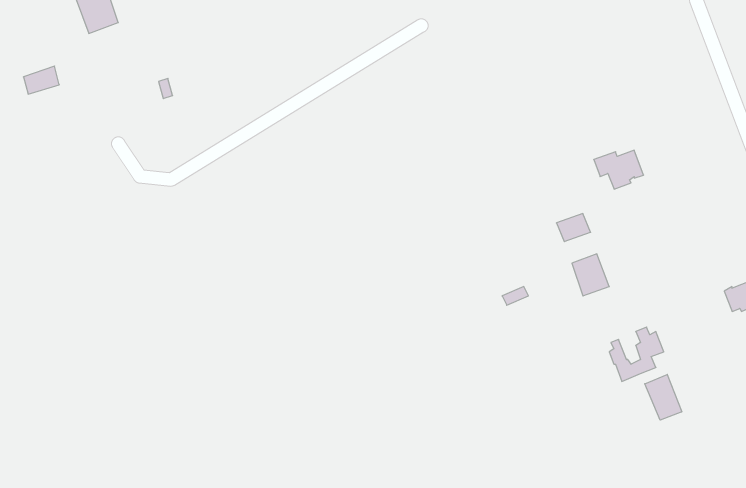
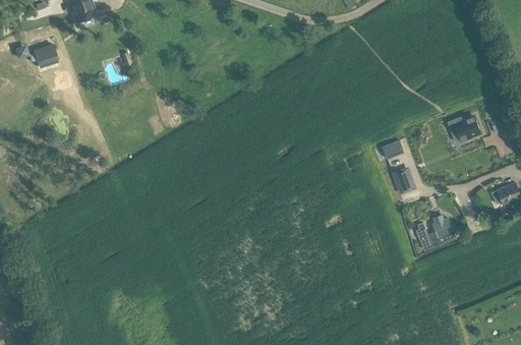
building: [594,150,644,189] -> [448,116,480,141]
building: [645,374,682,420] -> none

